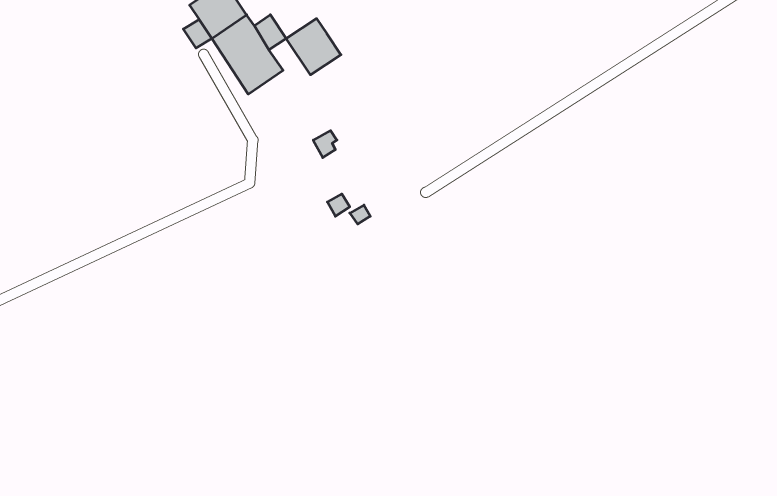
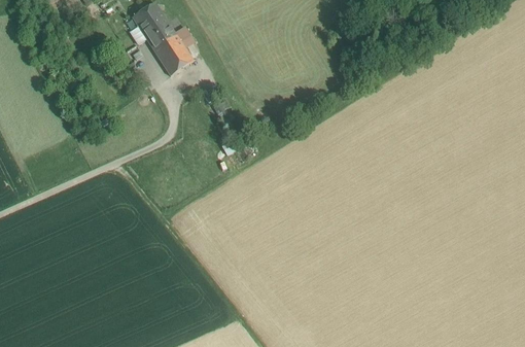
building: [286,19,341,75] -> none

